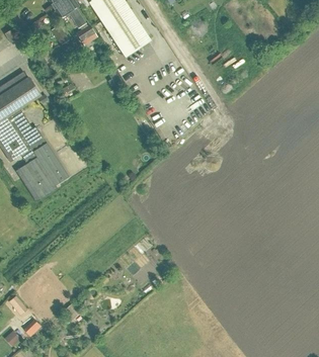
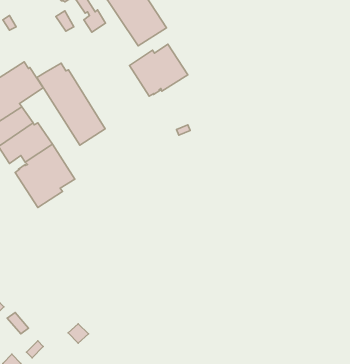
building: none -> [129,44,188,96]
building: none -> [37,63,105,145]

